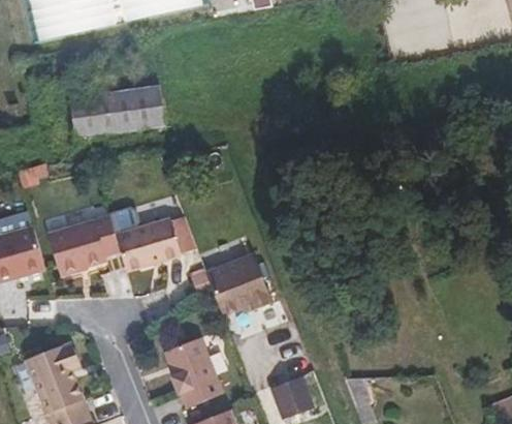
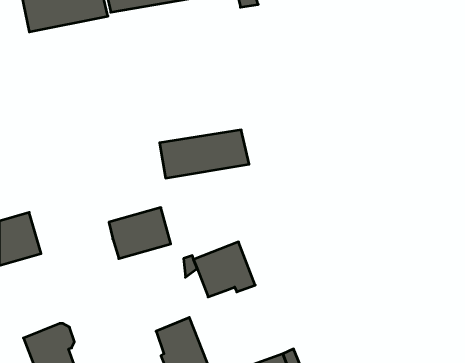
building: [61,90,155,141] -> [160,130,249,178]
building: [50,214,121,274] -> none

